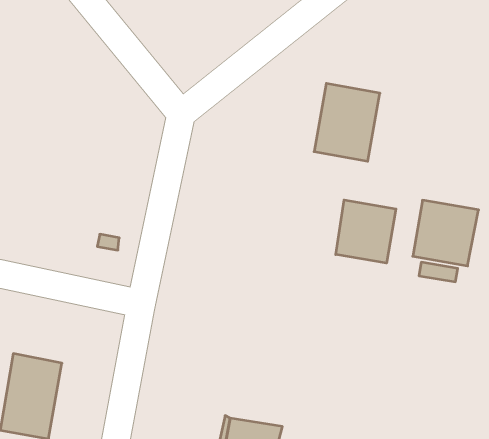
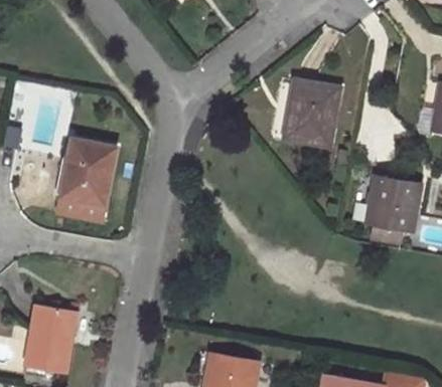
building: none -> [57,139,114,221]
building: [336,200,396,263] -> none

